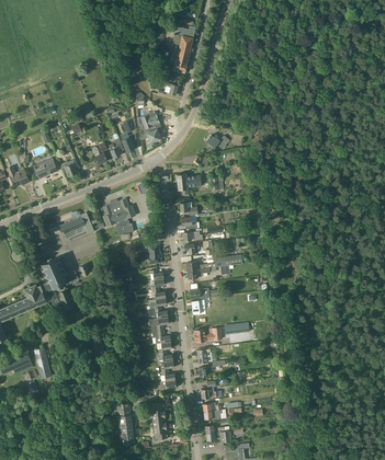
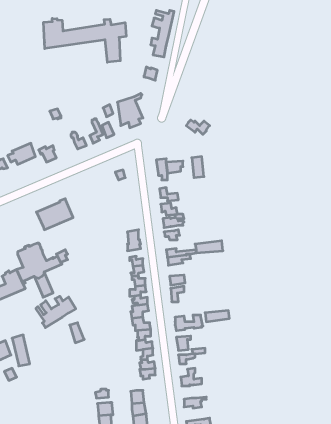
building: none -> [44,18,126,62]
building: [103,197,136,234] -> none
building: none -> [36,296,76,328]

